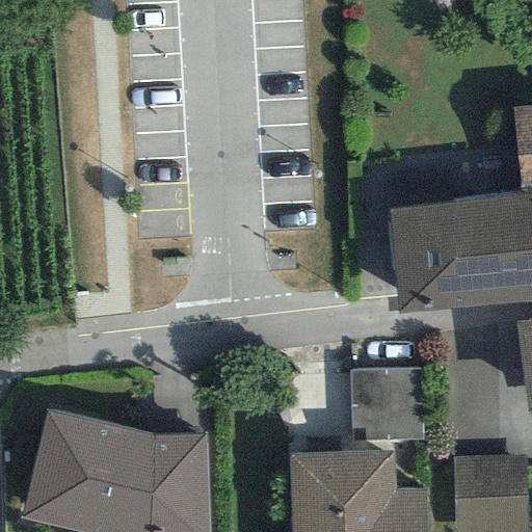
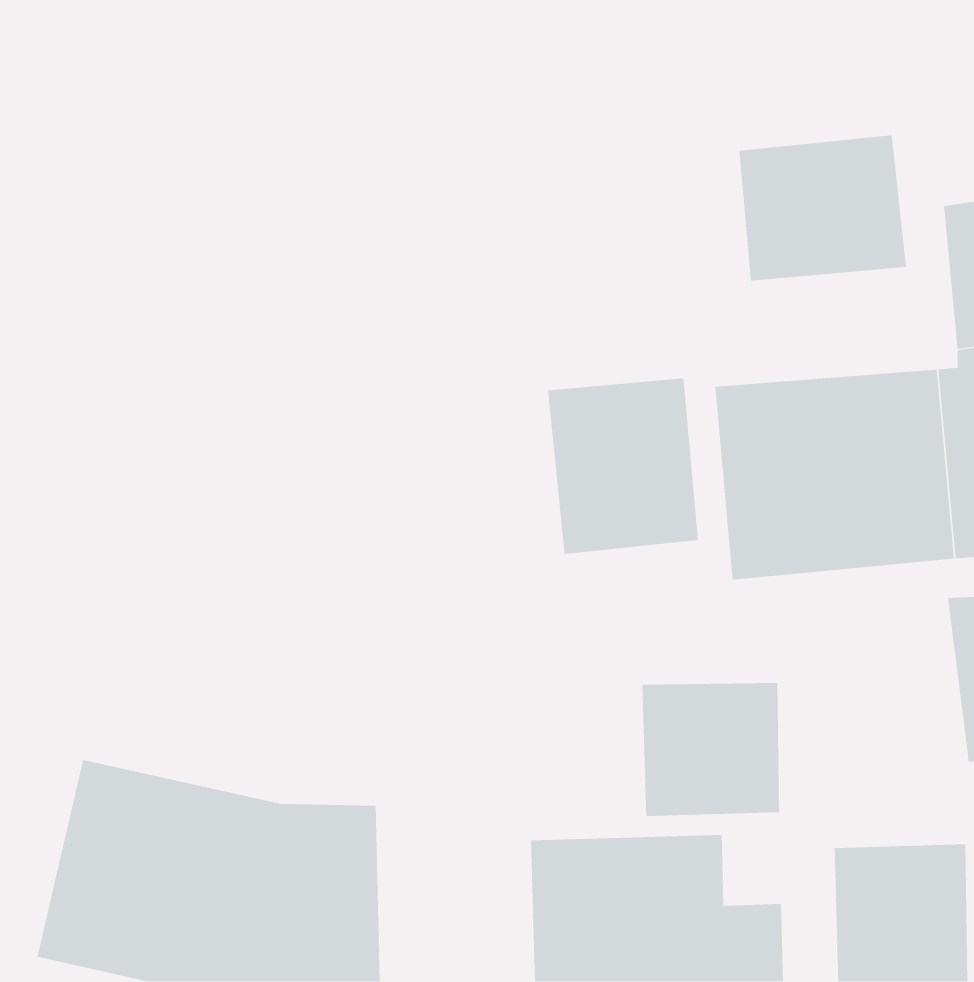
building: none -> [738,135,907,281]
building: none -> [547,378,699,555]

